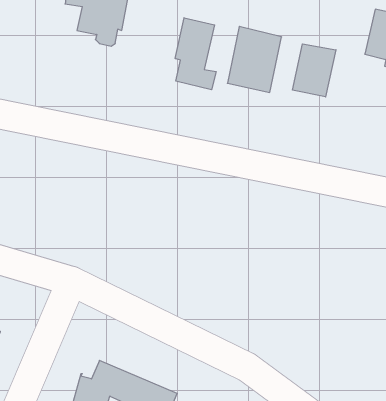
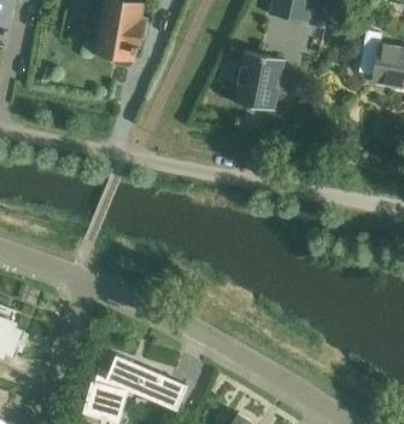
building: [175,18,216,90] -> none
building: [293,44,336,97] -> none

